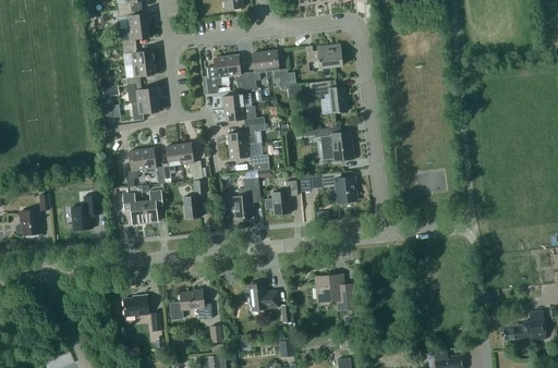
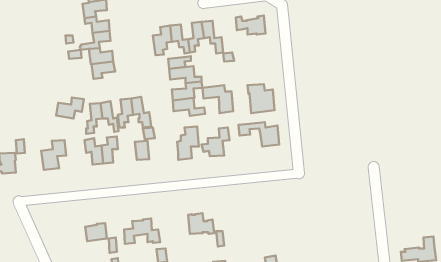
building: [308,78,345,112] -> [202,85,233,113]
building: none -> [56,98,84,118]
building: [312,274,354,308] -> none

